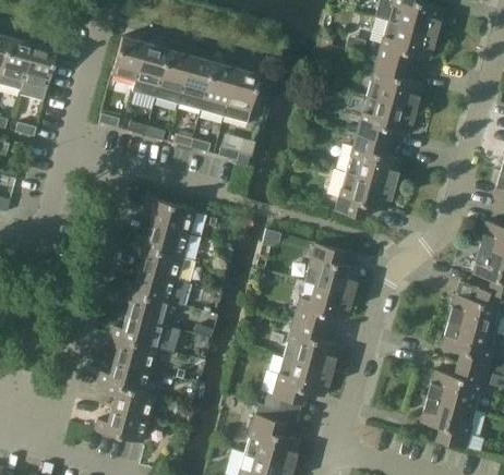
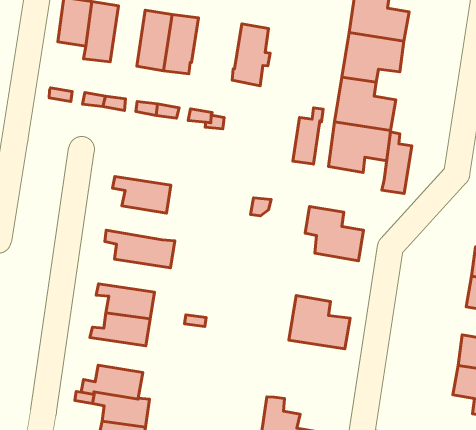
building: [156,49,192,103] -> none
building: [224,68,261,123] -> [232,24,270,86]
building: none -> [293,108,323,164]
building: none -> [382,132,412,194]
building: [135,223,190,257] -> none
building: [123,269,188,305] -> none
building: [295,284,352,328] -> none
building: [108,334,158,370] -> none
building: [265,357,332,409] -> none

